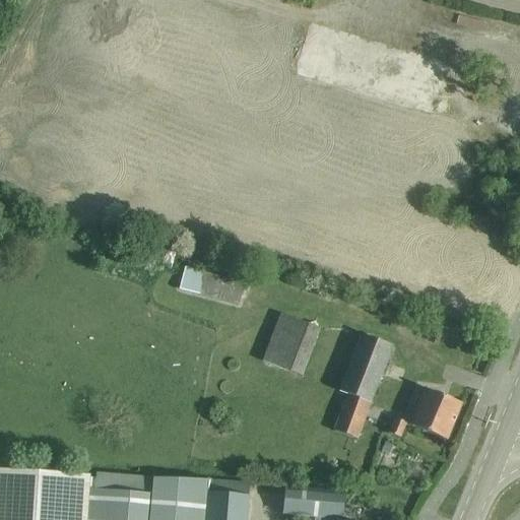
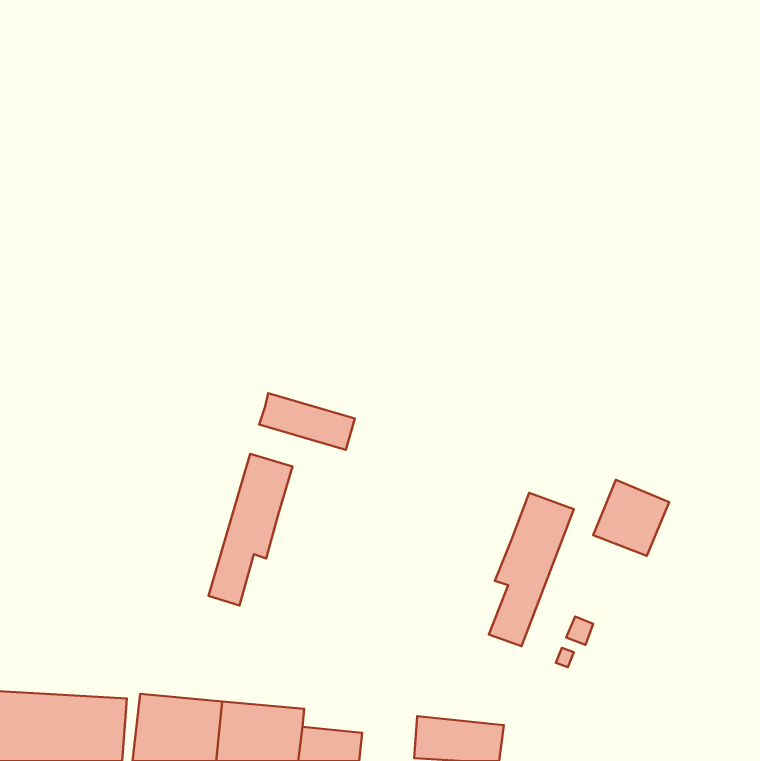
building: [264,308,322,372] -> none
building: none -> [208,454,292,606]
building: [409,390,461,442] -> [593,480,669,556]

